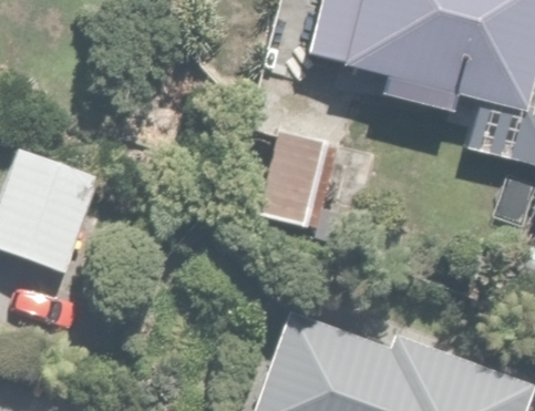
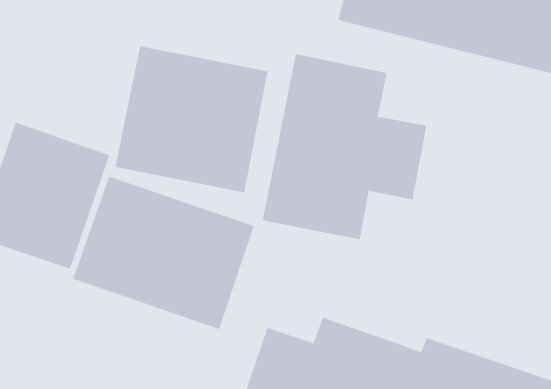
building: none -> [115,46,268,193]
building: none -> [72,176,255,330]

